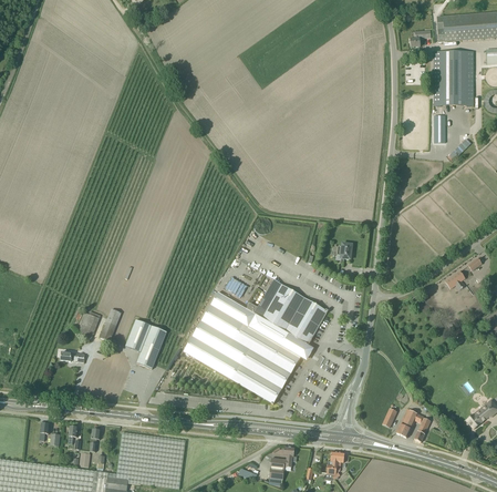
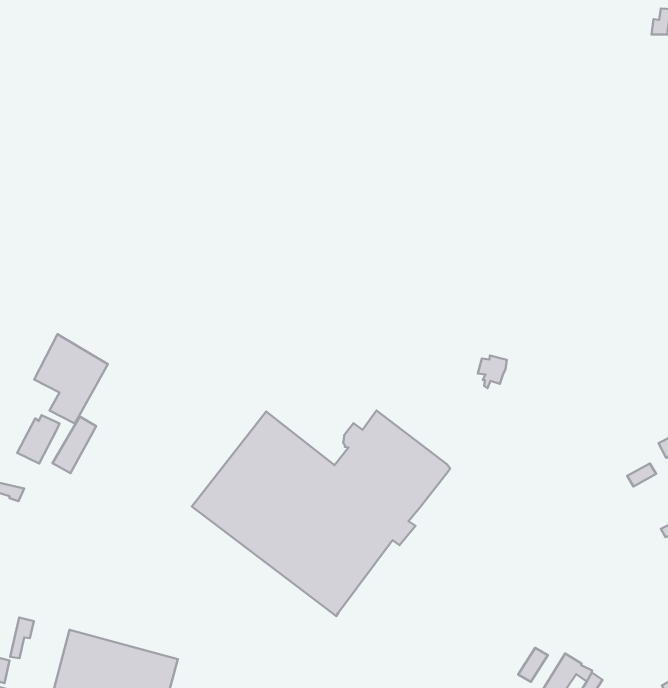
building: [125,318,166,368] -> [34,334,108,424]

